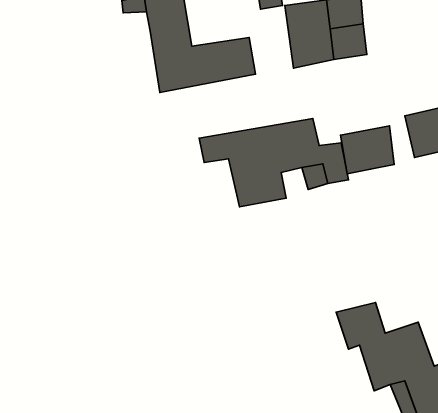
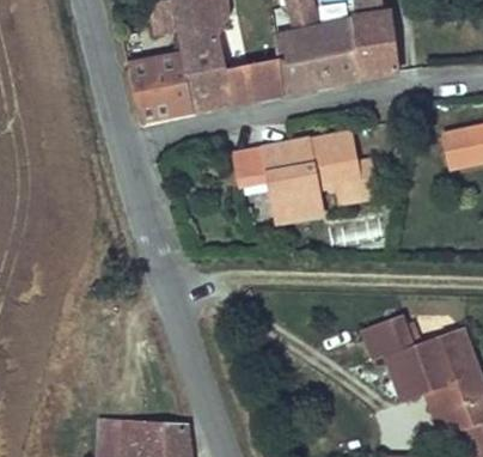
building: none -> [280,24,326,91]
building: none -> [127,49,196,118]
building: [341,126,394,174] -> none

